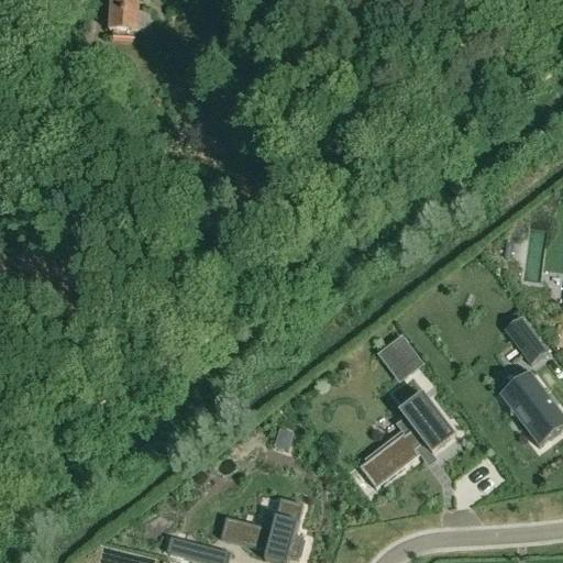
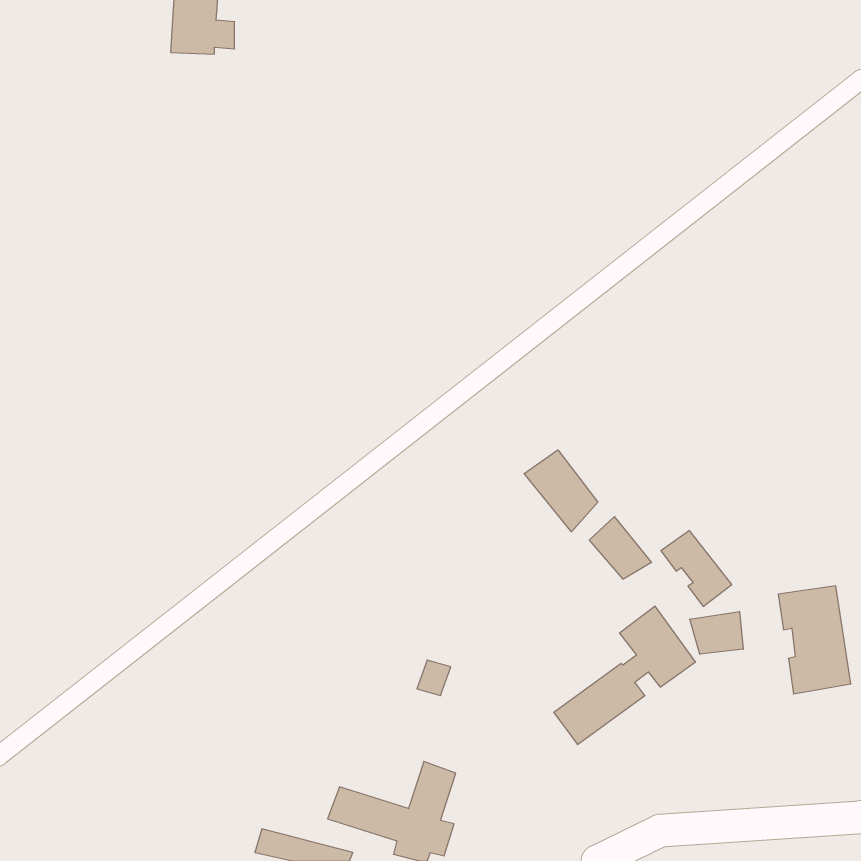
building: none -> [524,450,598,532]
building: [503,318,549,367] -> [661,531,732,606]
building: none -> [690,611,743,654]

